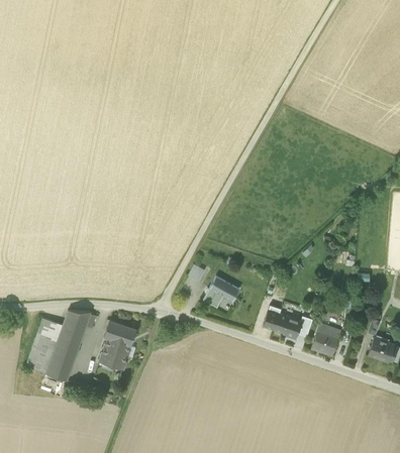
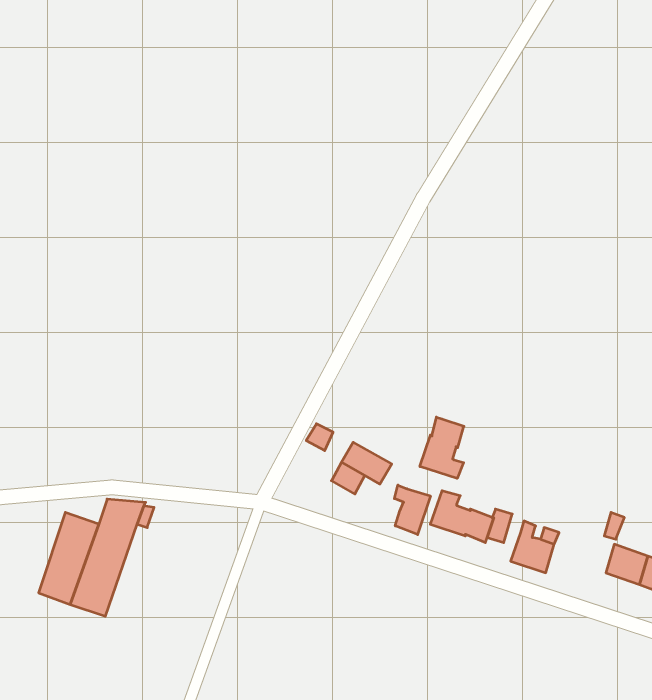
building: none -> [420,417,464,478]
building: none -> [394,485,430,535]
building: [100,321,136,369] -> none

